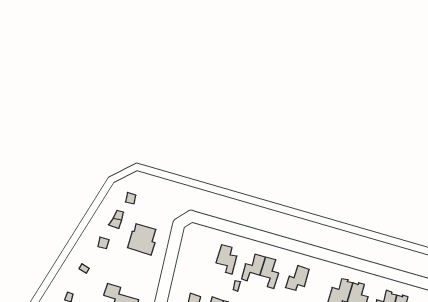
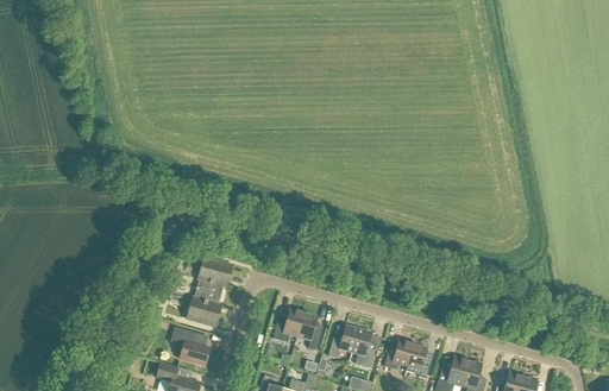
building: none -> [196,256,233,294]
building: none -> [272,308,303,341]
building: none -> [170,326,211,365]
building: none -> [404,343,429,378]

